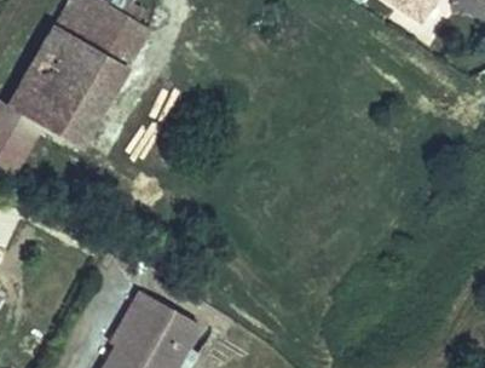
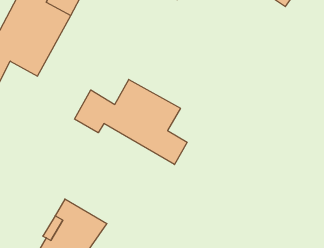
building: none -> [75,79,187,165]

